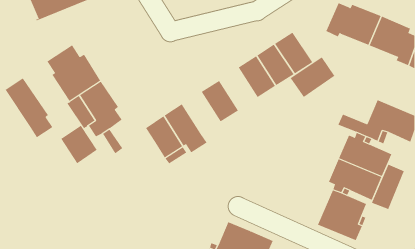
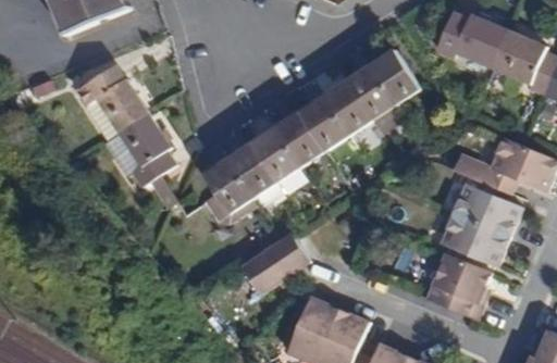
building: [290,56,335,98] -> none
building: none -> [298,96,347,151]
building: [5,77,53,138] -> none
building: none -> [250,127,299,182]
building: [60,125,97,164] -> none
building: [371,164,404,210] -> none
building: none -> [240,233,309,292]

